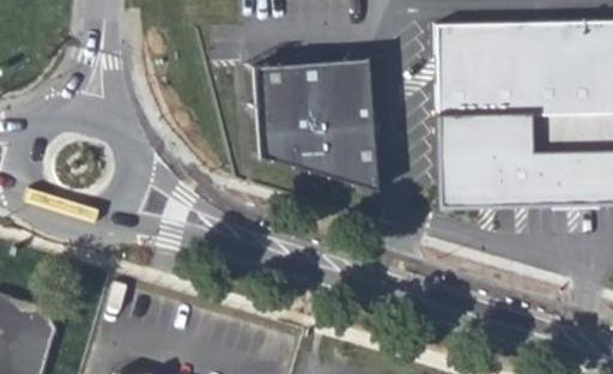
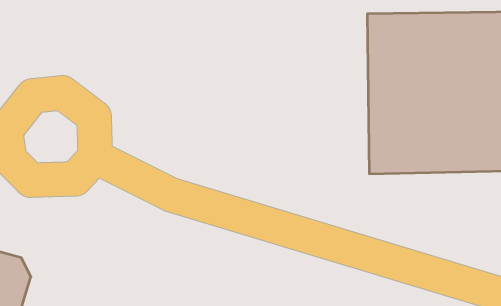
building: [253,55,376,187] -> none

